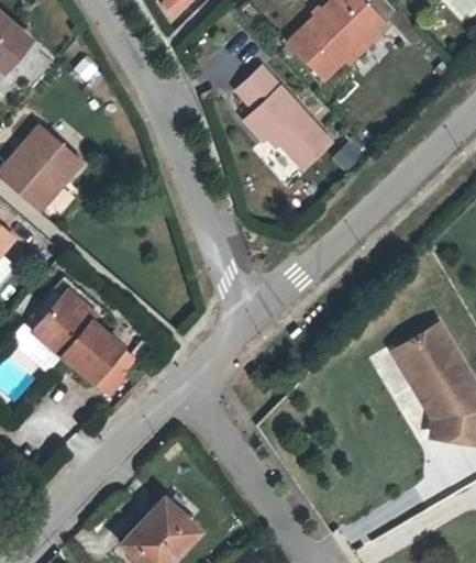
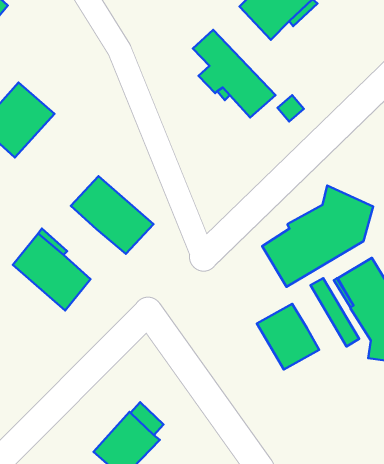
building: none -> [71,176,154,254]
building: none -> [262,186,373,287]
building: none -> [257,304,319,369]

